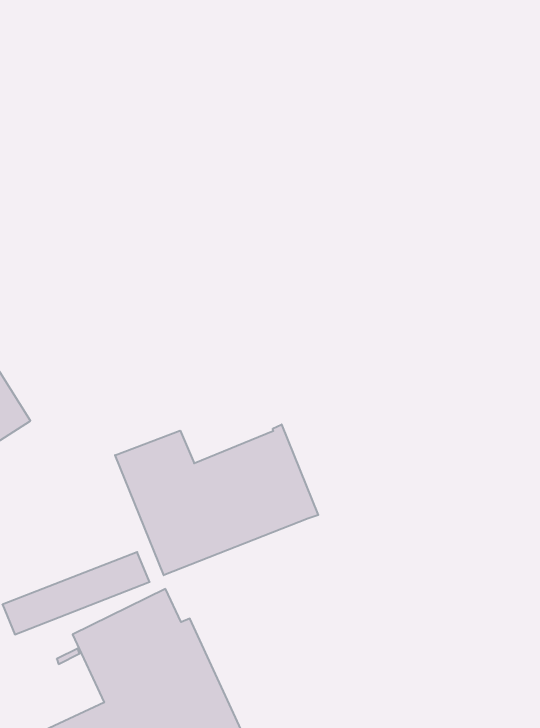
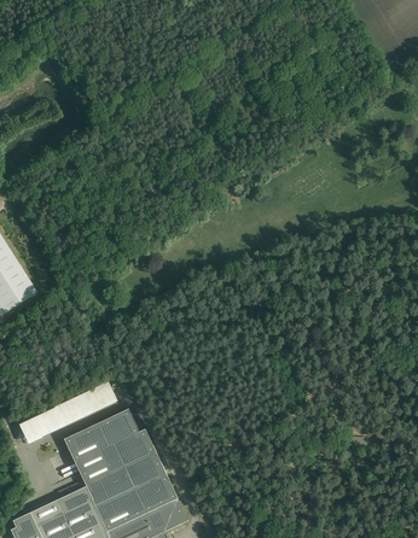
building: [115,424,318,575] -> none

